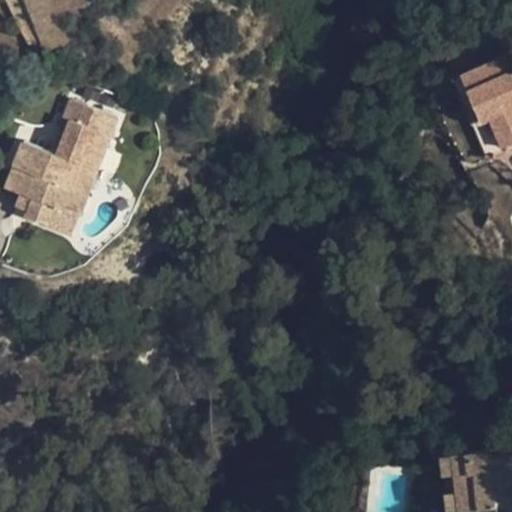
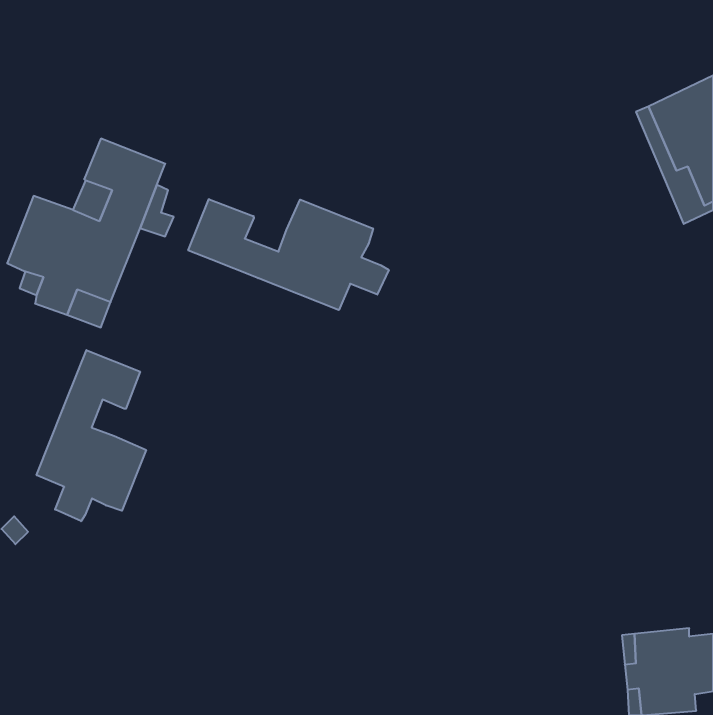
building: none -> [188,199,389,310]
building: none -> [37,350,146,521]

